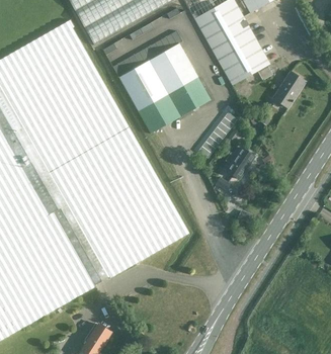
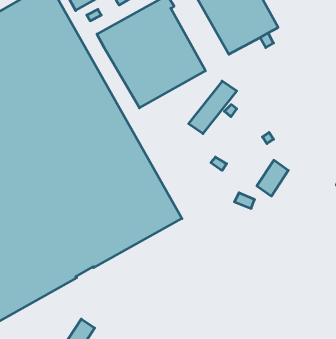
building: [272,71,305,107] -> none
building: [226,147,254,179] -> [257,160,288,196]

